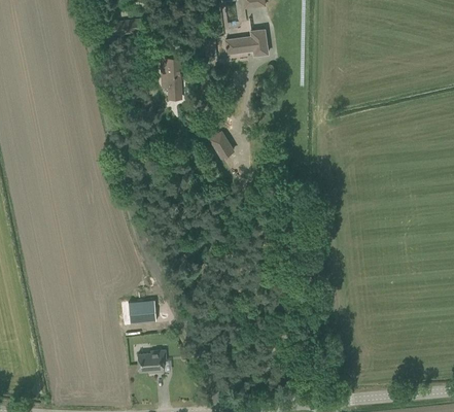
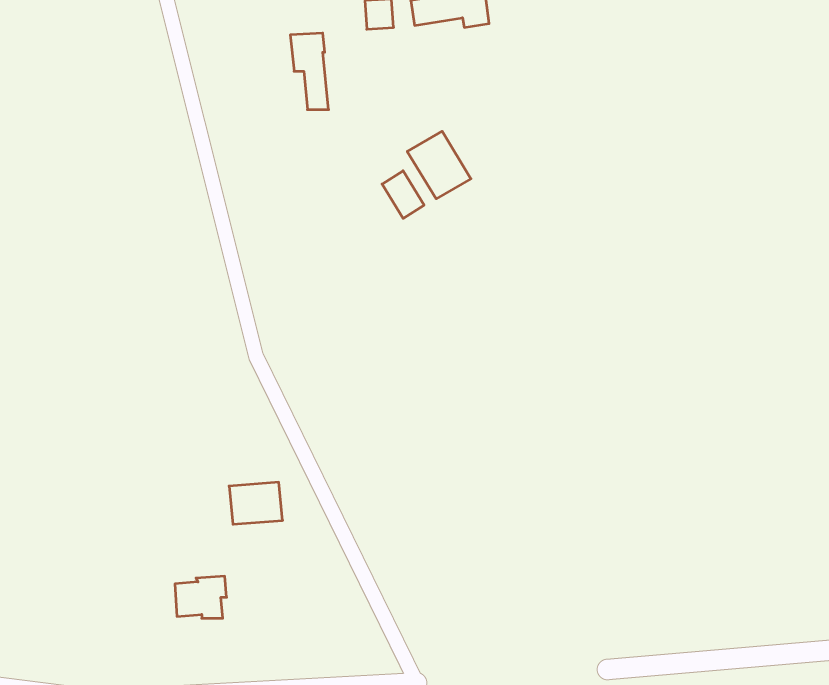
building: none -> [407,131,471,199]
building: [138,349,166,372] -> [175,576,227,618]

